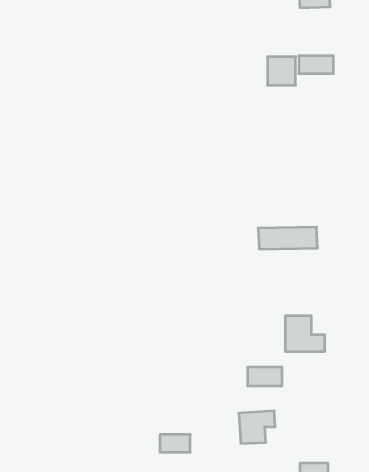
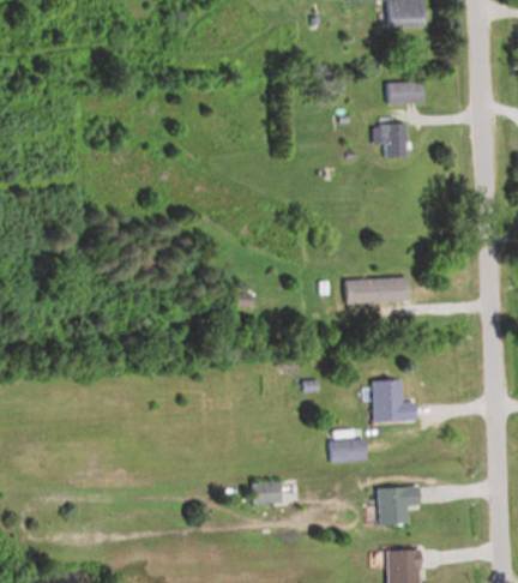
building: [267,57,296,85] -> [380,125,412,157]
building: [239,411,275,443] -> [377,486,418,523]
building: [160,435,190,452] -> [249,482,284,503]

